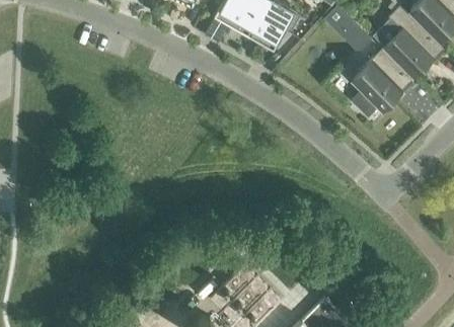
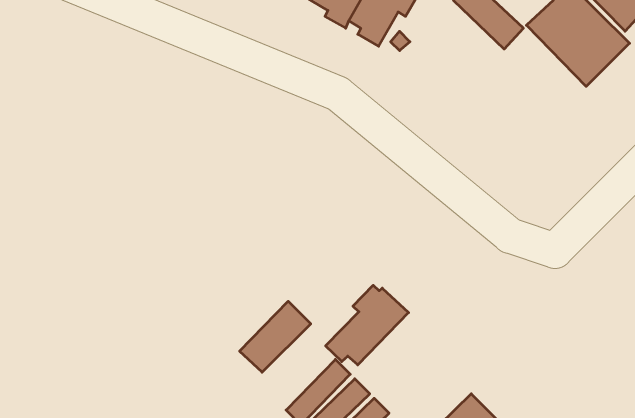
building: [353,51,411,117] -> none
building: none -> [326,285,409,365]
building: none -> [240,301,311,372]

